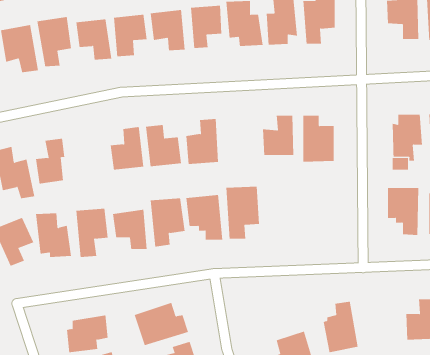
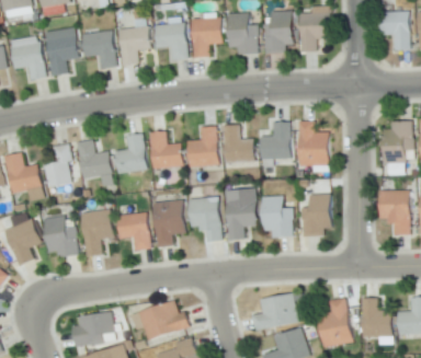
building: none -> [221,123,254,163]
building: none -> [77,138,113,185]
building: none -> [300,193,331,235]
building: none -> [260,194,294,236]
building: none -> [251,291,297,331]
building: none -> [361,297,391,337]

